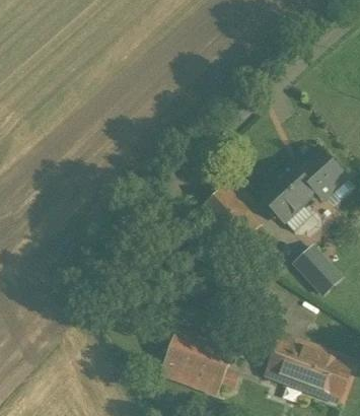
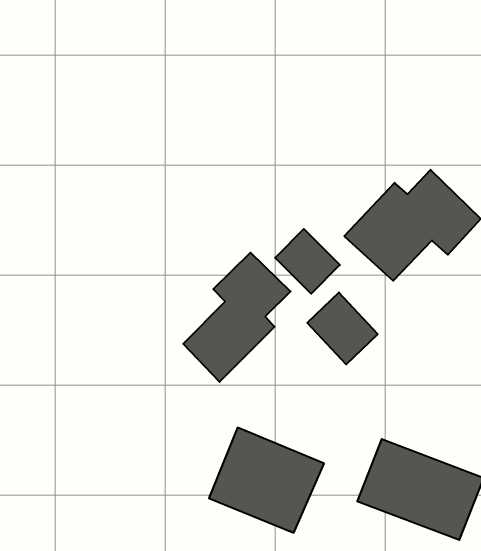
building: none -> [183,253,291,382]
building: [295,247,345,297] -> [307,292,378,364]

